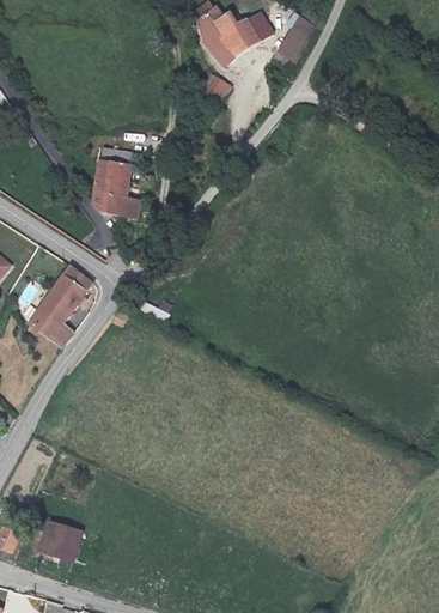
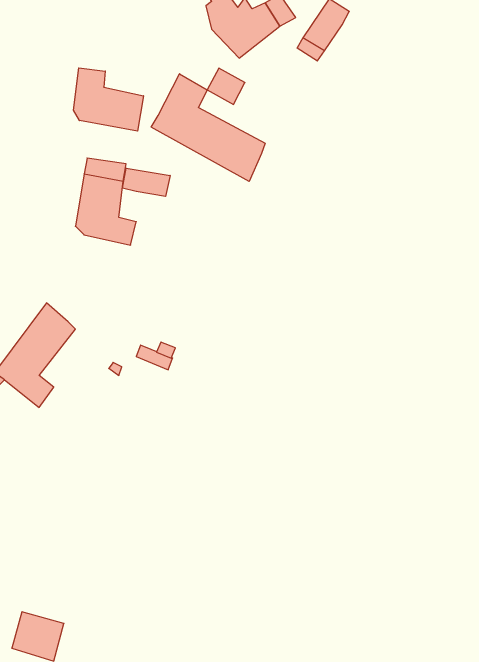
building: none -> [73,68,143,131]
building: none -> [151,74,265,181]
building: none -> [122,168,170,196]

